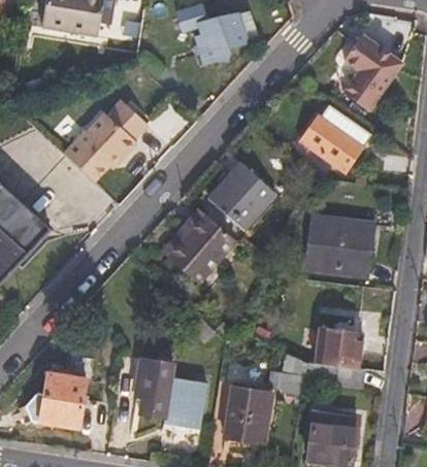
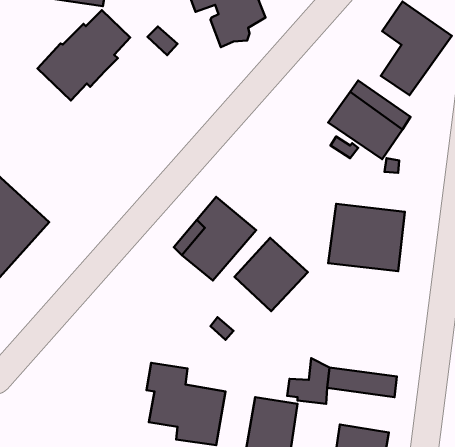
building: [63,103,146,185] -> [38,10,130,101]
building: [208,162,274,228] -> [235,238,308,311]
building: [313,328,358,365] -> none
building: [24,372,85,427] -> none

